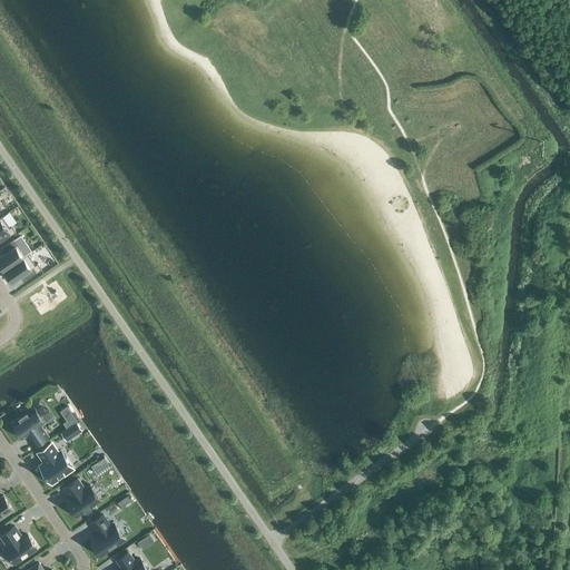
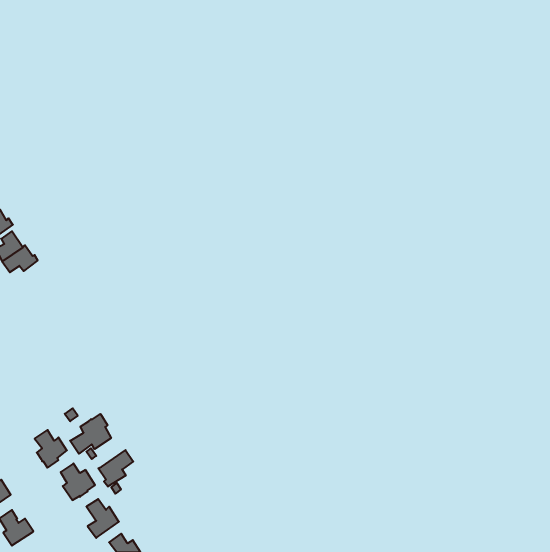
building: [11,407,46,444] -> none
building: none -> [70,414,111,454]
building: none -> [98,450,133,487]

